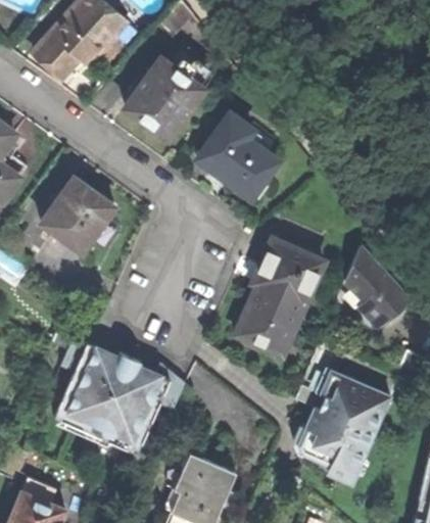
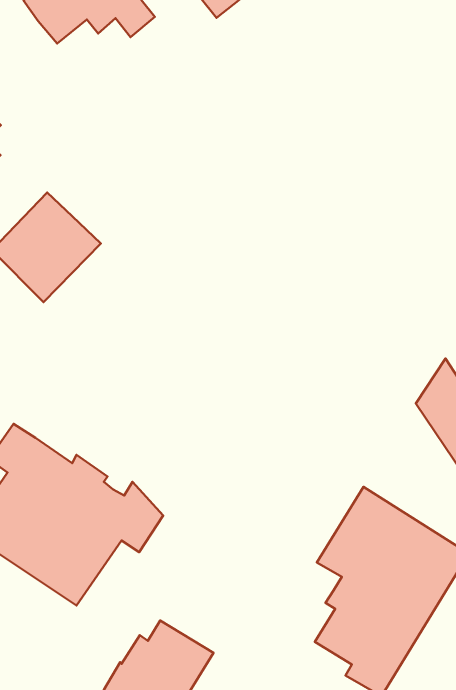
building: [124,58,202,139] -> none
building: [197,115,276,197] -> none
building: [235,239,324,354] -> none

